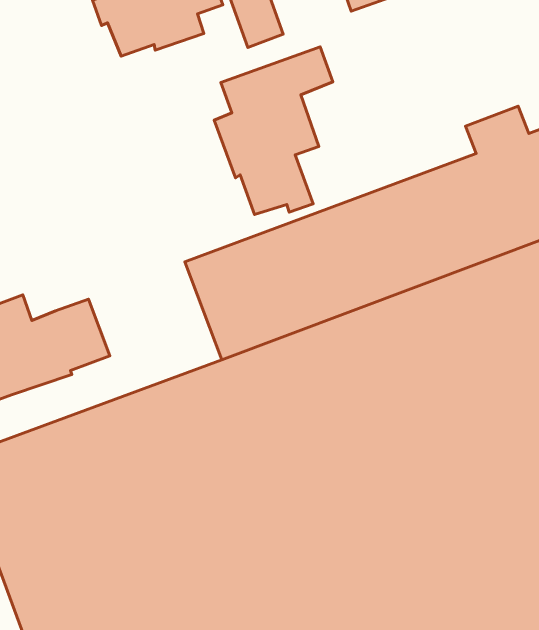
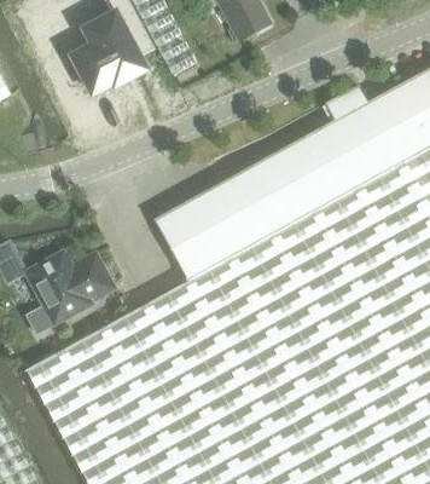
building: [214,47,333,215] -> none

